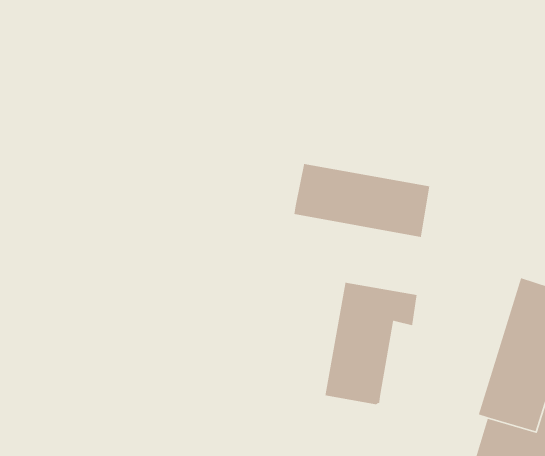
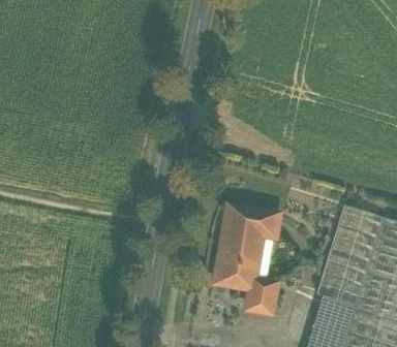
building: [293,163,430,238] -> none
building: none -> [247,281,276,313]

